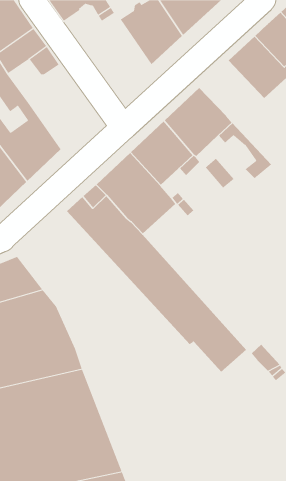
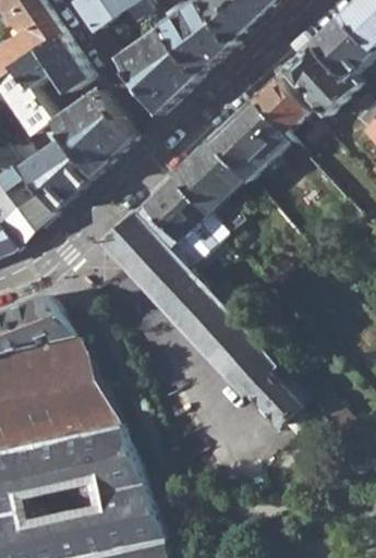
building: none -> [116,24,195,113]
building: none -> [250,78,305,134]
building: none -> [56,89,132,172]

